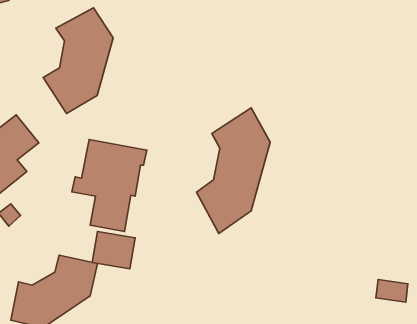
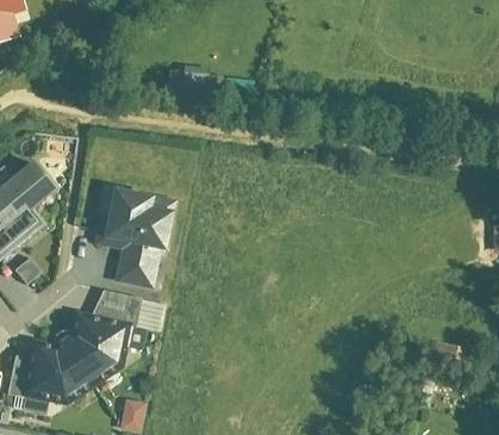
building: [43,8,113,114] -> none
building: [196,108,270,234] -> none

